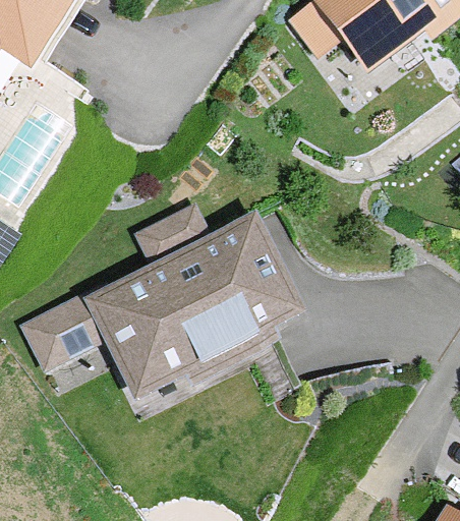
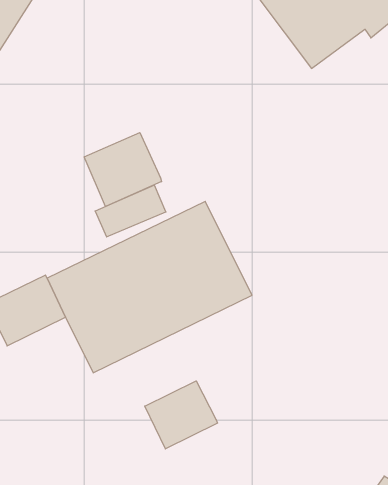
building: none -> [84,133,162,206]
building: none -> [145,381,217,449]

